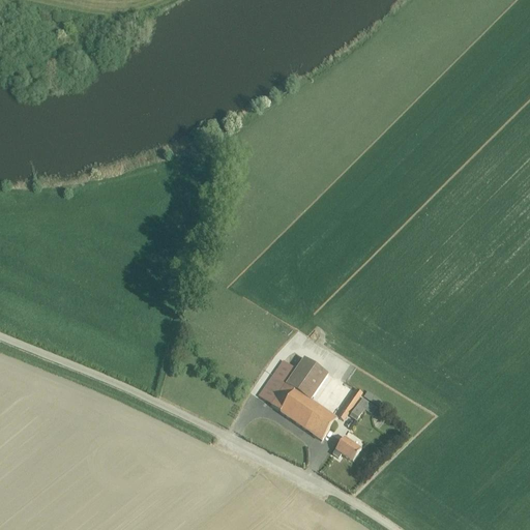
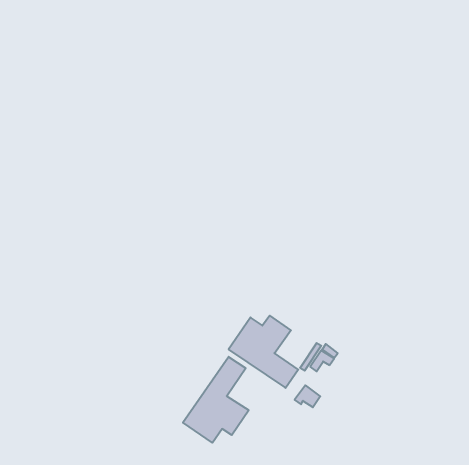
building: none -> [183,357,249,443]

